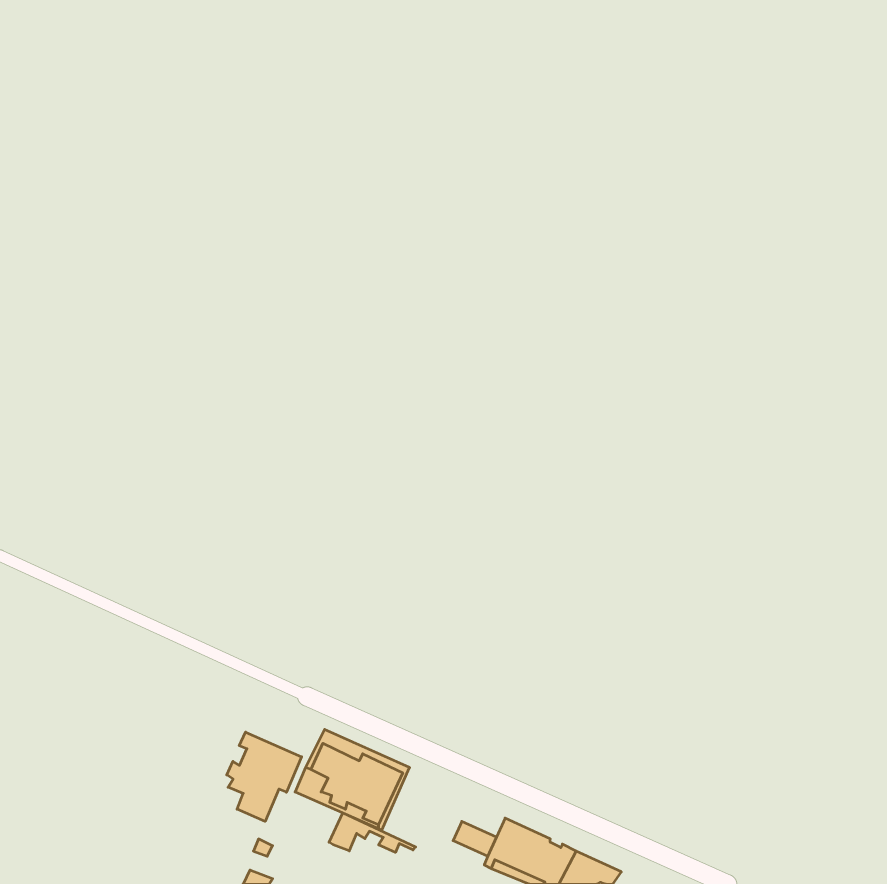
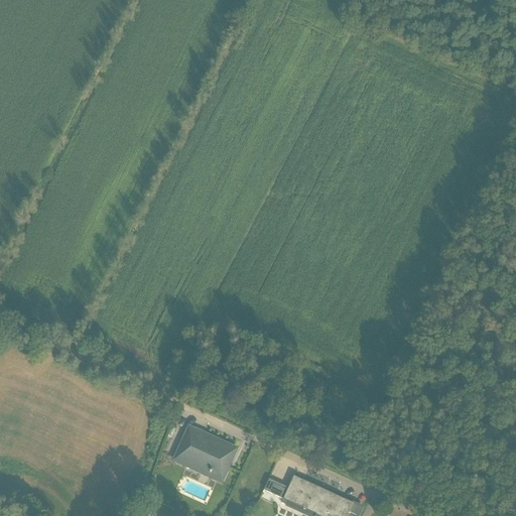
building: [227,732,302,821] -> none
building: [329,813,416,852] -> none

